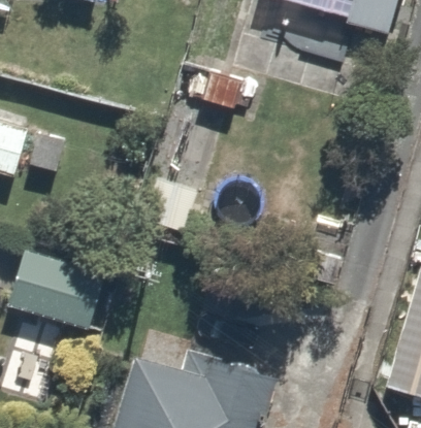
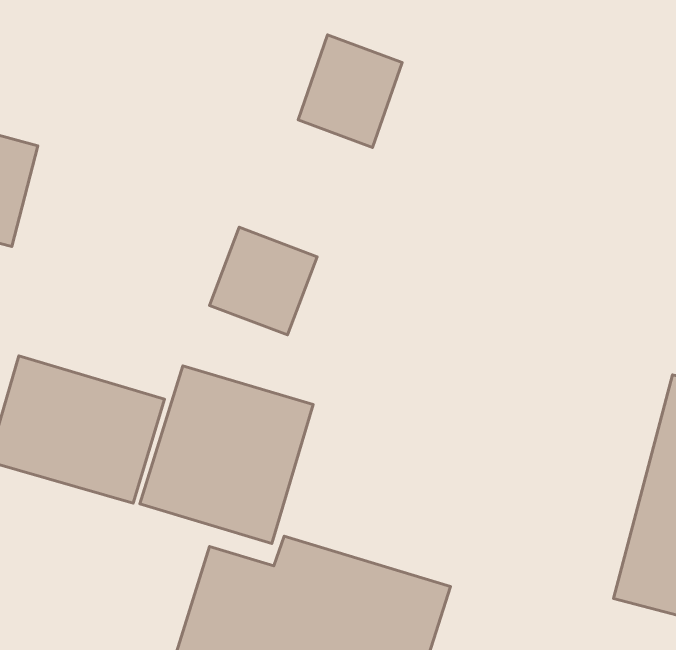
building: none -> [140,366,313,544]

